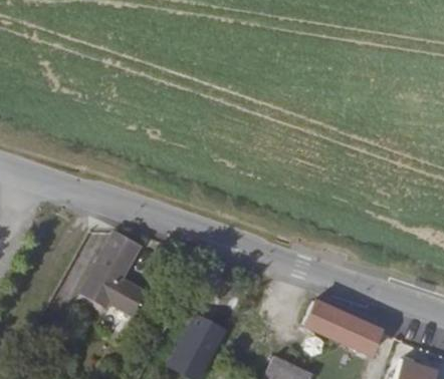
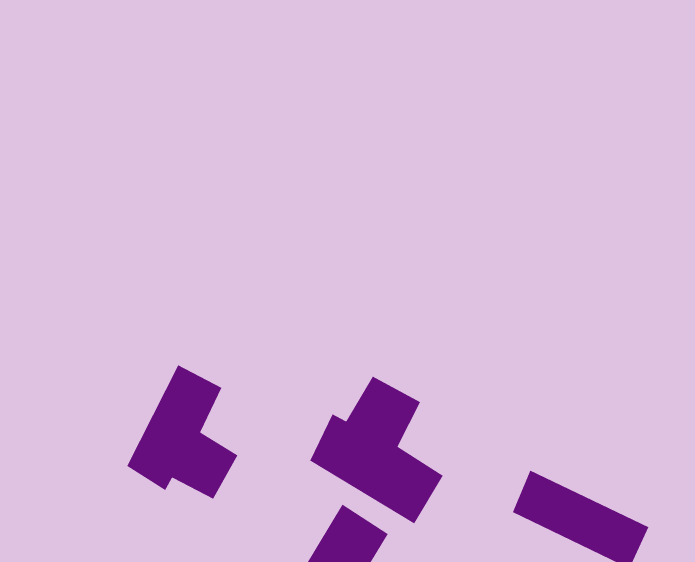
building: none -> [309,375,444,524]

